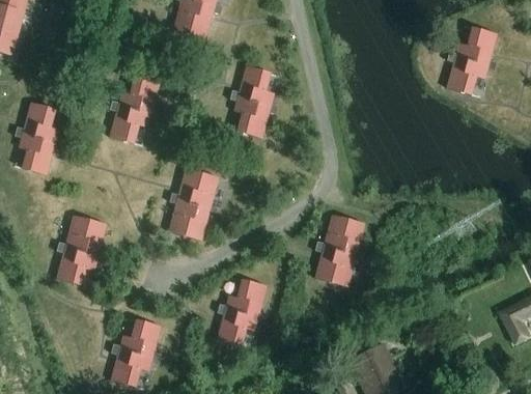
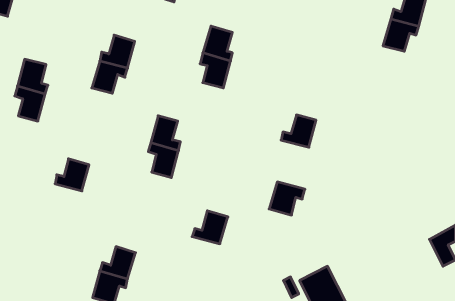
building: [324,217,364,254] -> [281,115,316,147]
building: [57,248,97,285] -> none
building: [217,309,257,346] -> none

